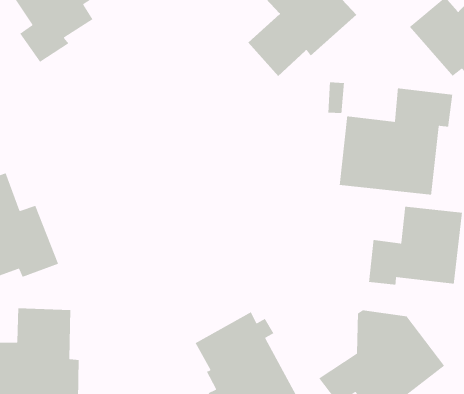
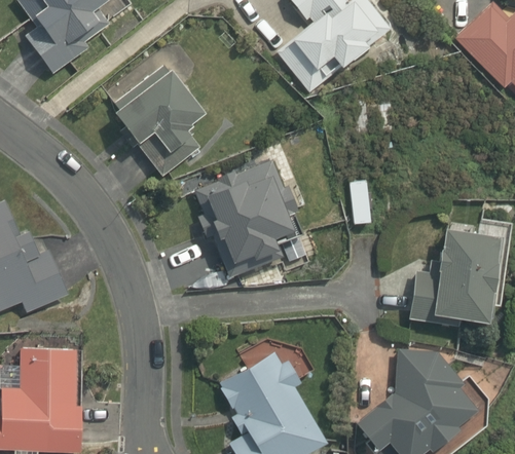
building: none -> [115,71,205,177]
building: [339,88,453,195] -> none
building: none -> [187,160,299,269]

